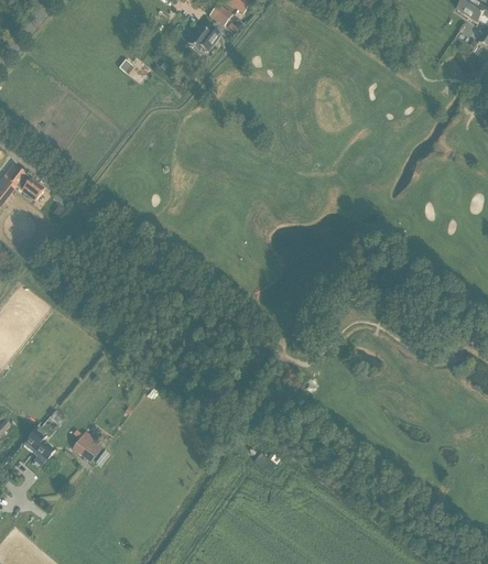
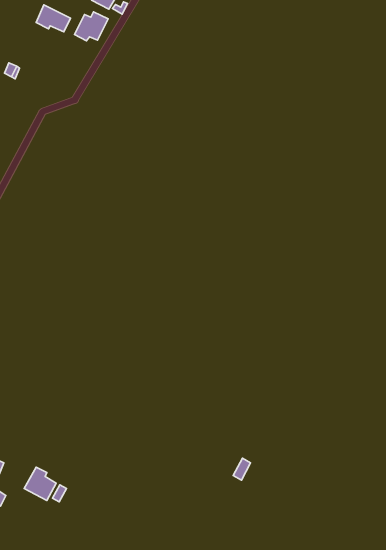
building: none -> [36,5,71,32]

